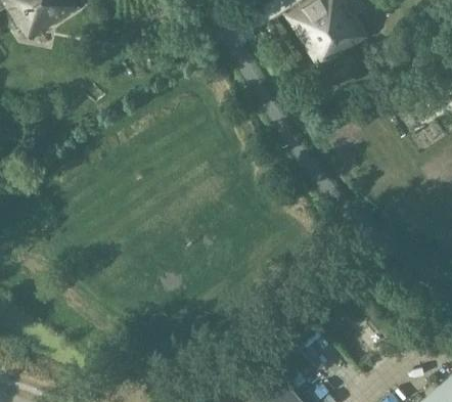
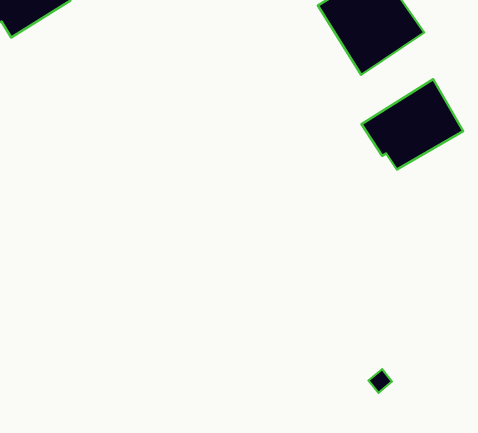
building: none -> [361,79,463,169]

